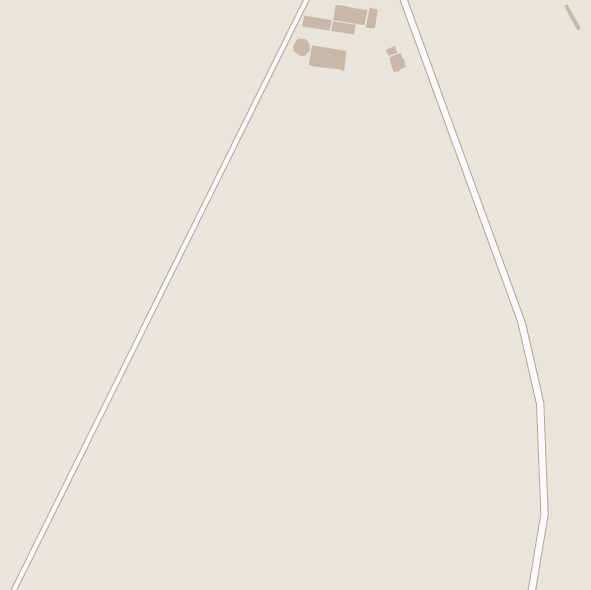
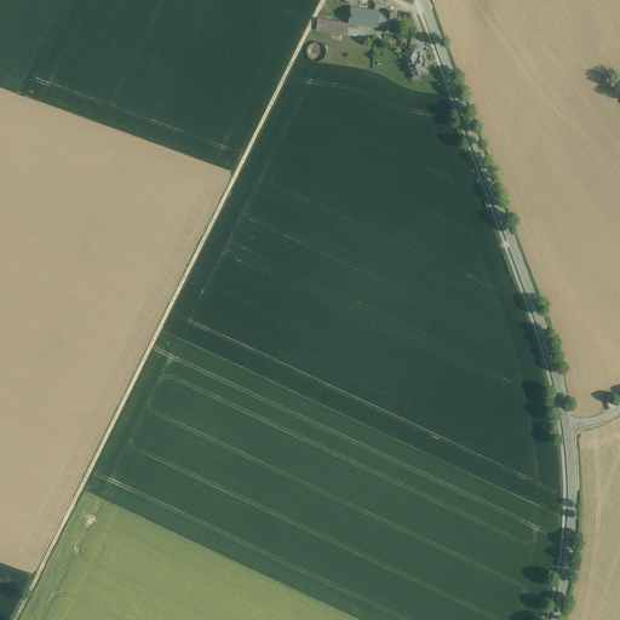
building: [308,44,347,72] -> none

